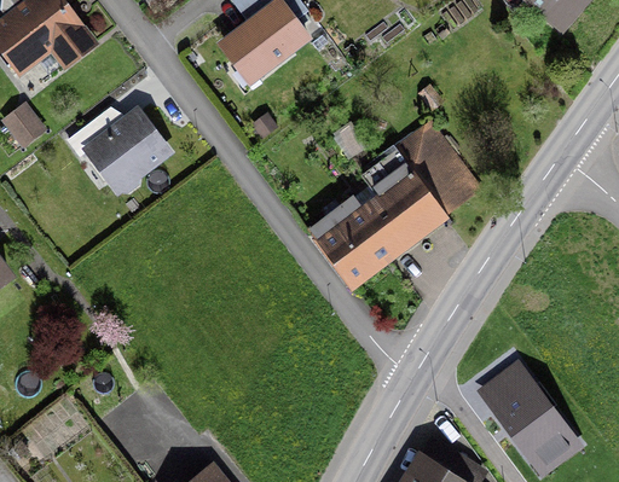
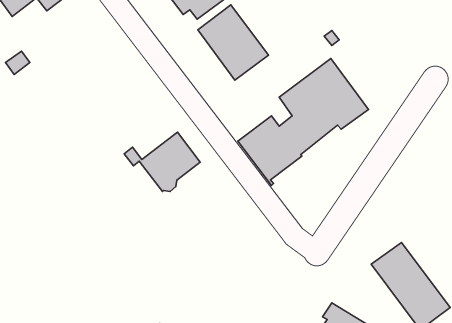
building: none -> [198,5,269,80]
building: [68,112,166,188] -> [124,132,200,191]

